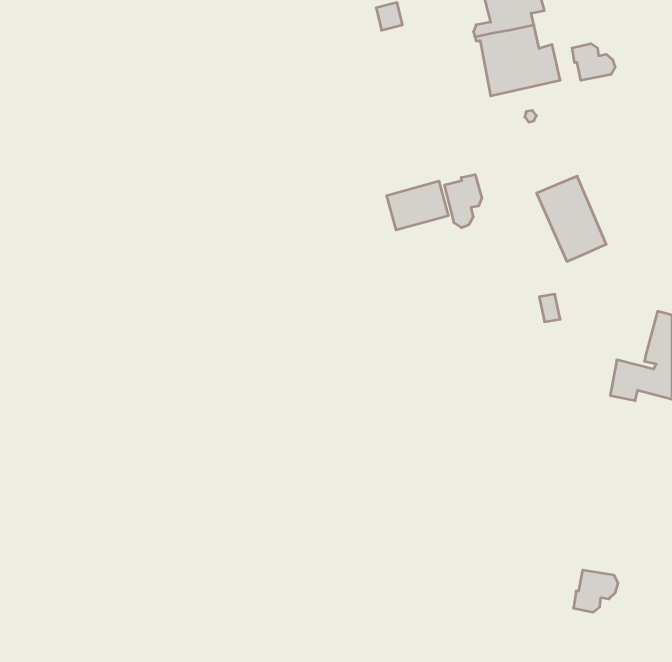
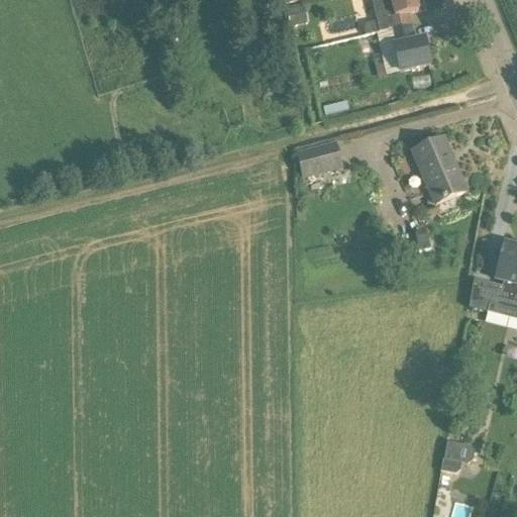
building: [572,44,615,80] -> none
building: [445,175,482,228] -> none

